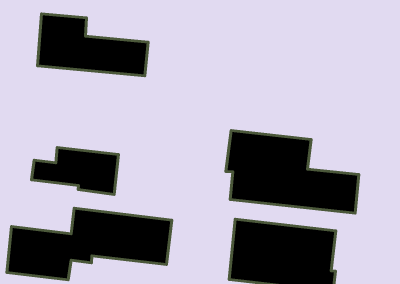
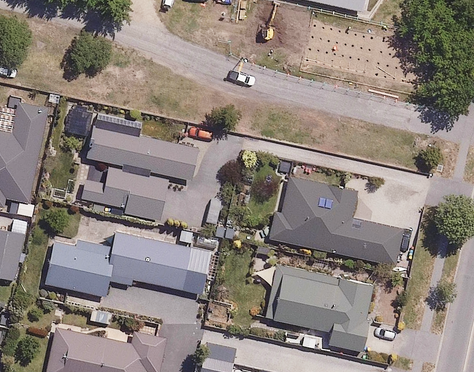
building: [37,14,148,76] -> [89,109,201,182]

